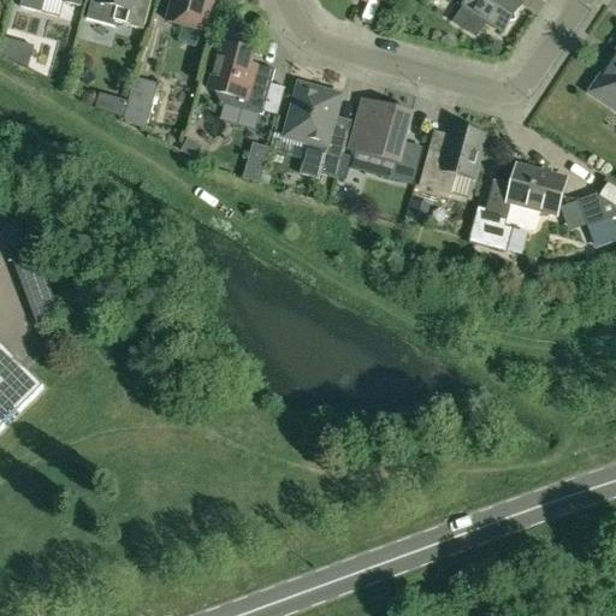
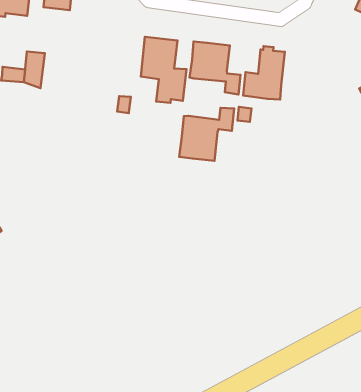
building: [207,41,274,113] -> none
building: [467,165,564,250] -> none
building: none -> [179,108,234,161]

